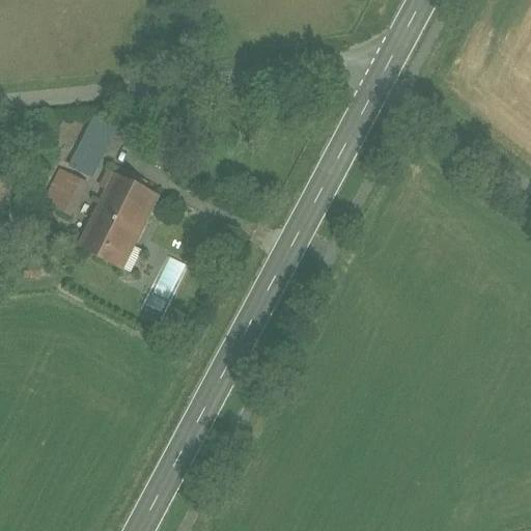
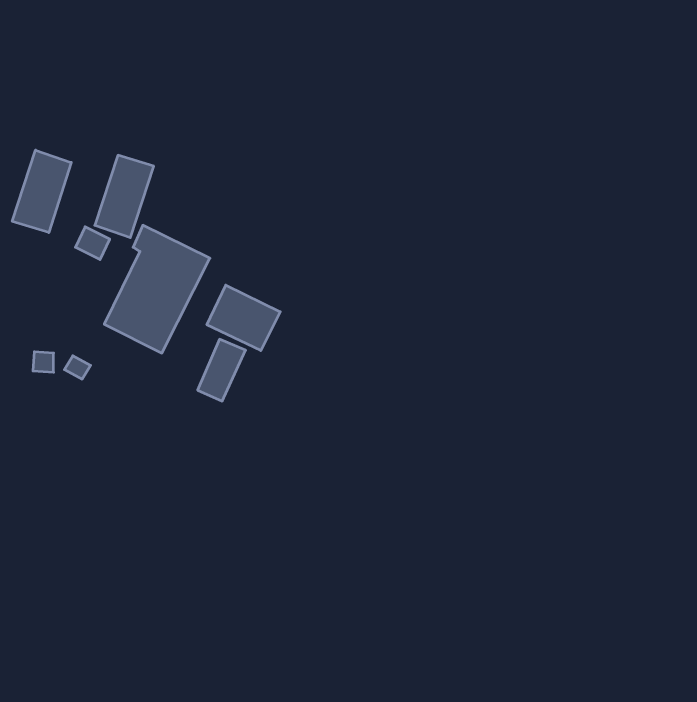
building: none -> [12,150,71,233]
building: none -> [207,285,280,351]

